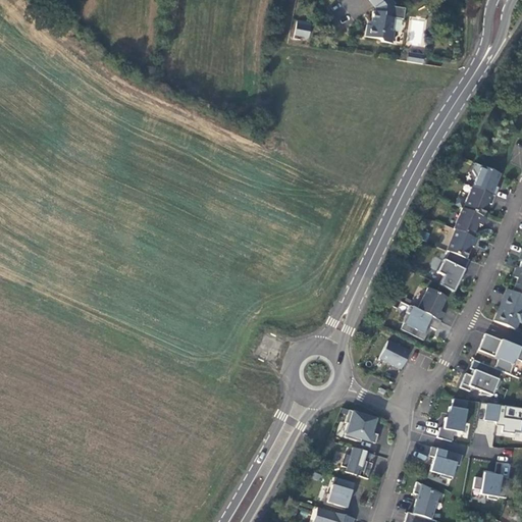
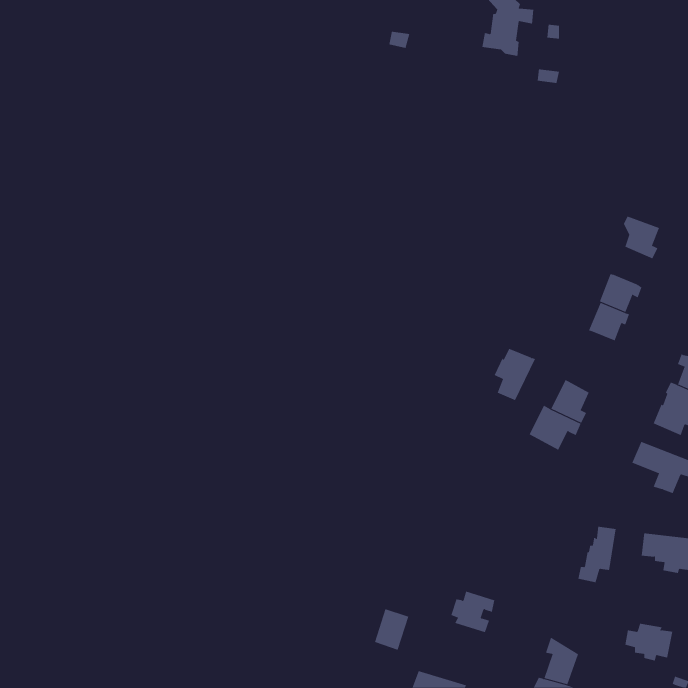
building: [464,187,494,215] -> none
building: [437,251,469,291] -> [494,348,536,401]
building: [379,341,409,367] -> none
building: [460,359,502,395] -> none
building: [345,409,378,442] -> none
building: [428,446,462,479] -> none
building: [327,476,354,508] -> [374,609,409,650]

